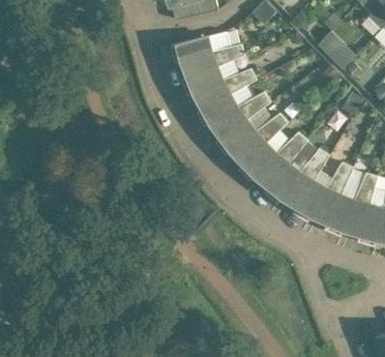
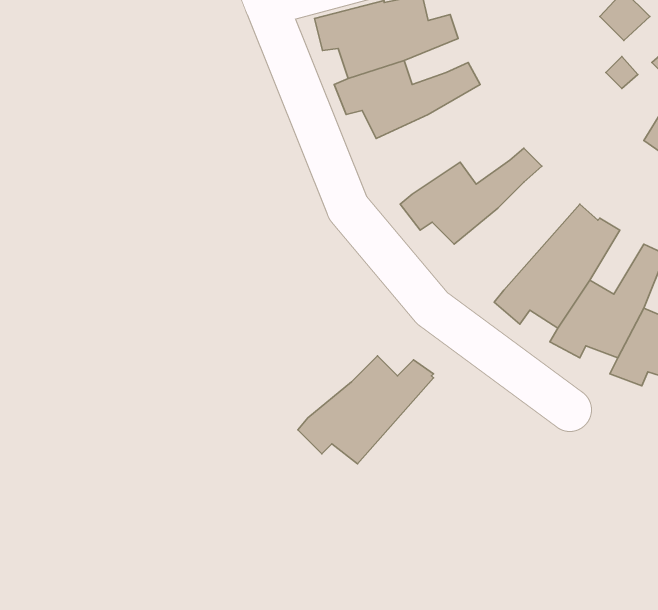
building: [196,91,270,136] -> none
building: [237,129,307,185] -> [298,356,433,464]

